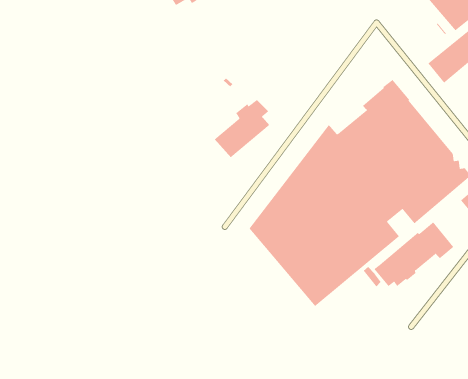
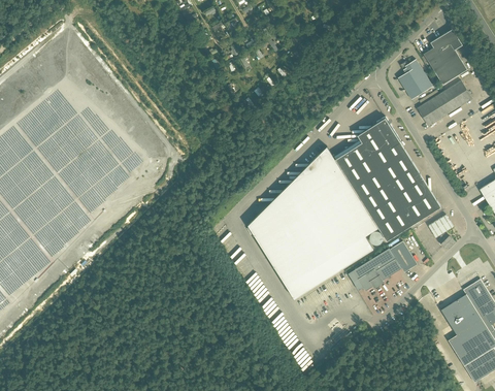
building: none -> [398,60,432,100]
building: [214,99,270,158] -> none

